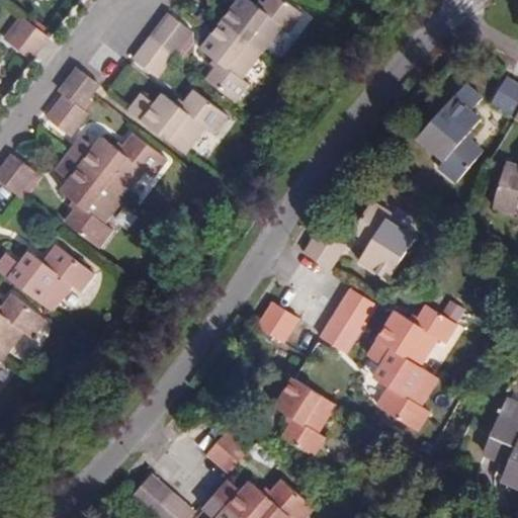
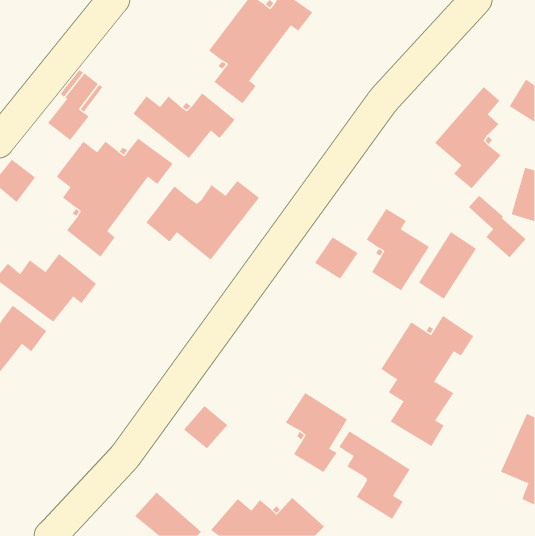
building: [133,12,192,77] -> none
building: [6,18,48,60] -> none
building: none -> [145,180,260,260]
building: none -> [468,195,527,258]
building: [319,287,375,353] -> [418,231,477,299]
building: [256,300,298,343] -> none
building: none -> [339,431,410,520]
building: [205,431,249,473] -> [183,405,228,449]

